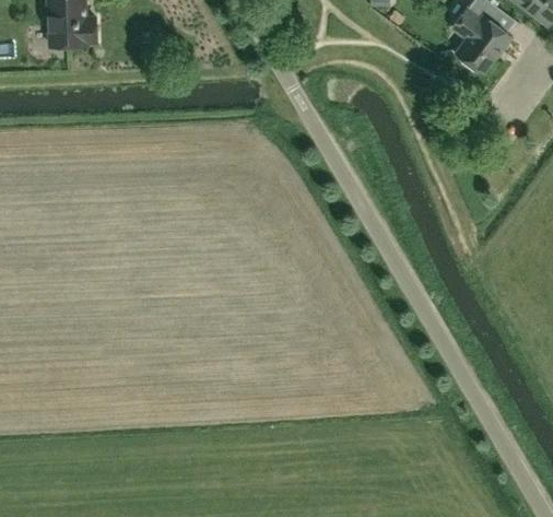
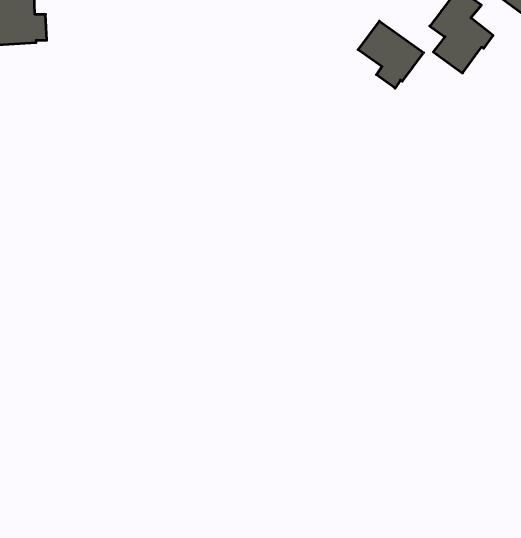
building: none -> [358,21,424,88]

